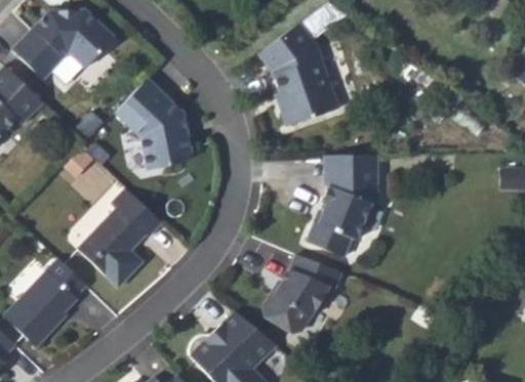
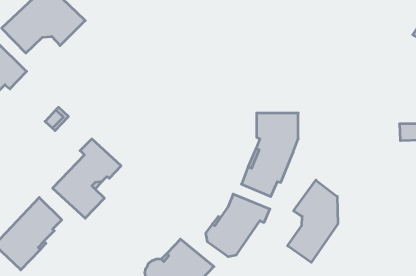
building: [259,25,339,127] -> none
building: [112,83,186,174] -> none
building: none -> [288,180,338,262]

